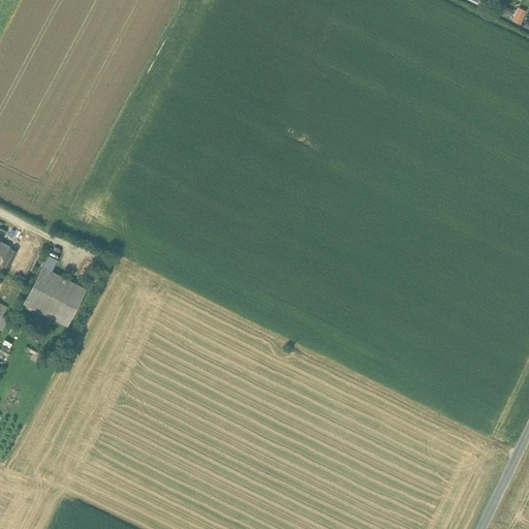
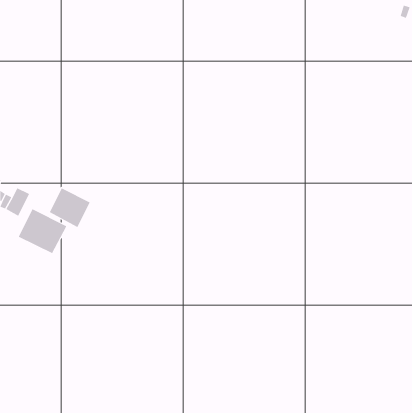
building: none -> [49,187,90,228]

